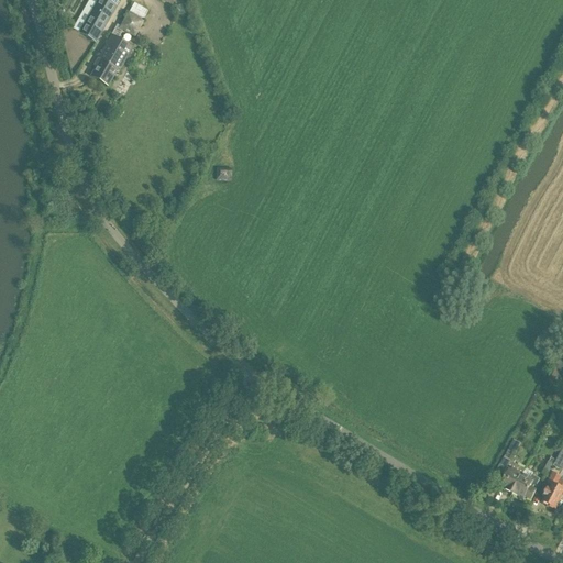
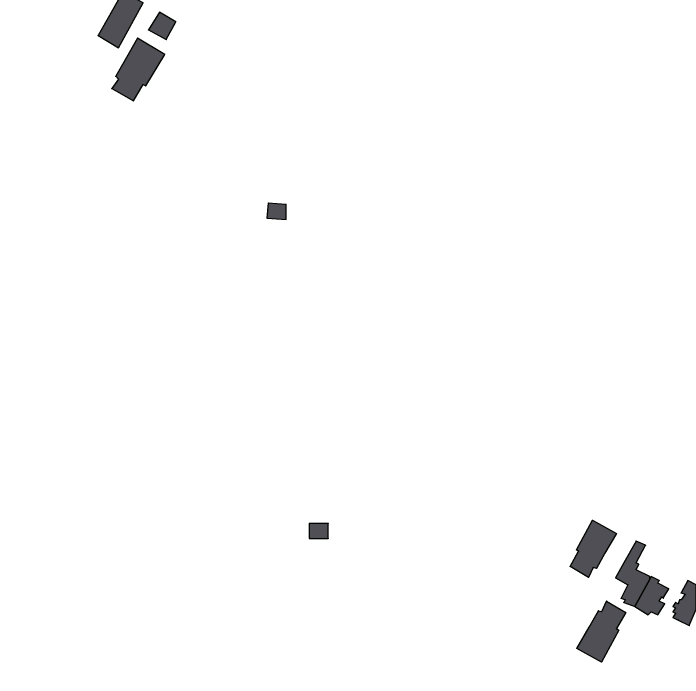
building: none -> [570,520,616,577]
building: none -> [577,601,626,662]

